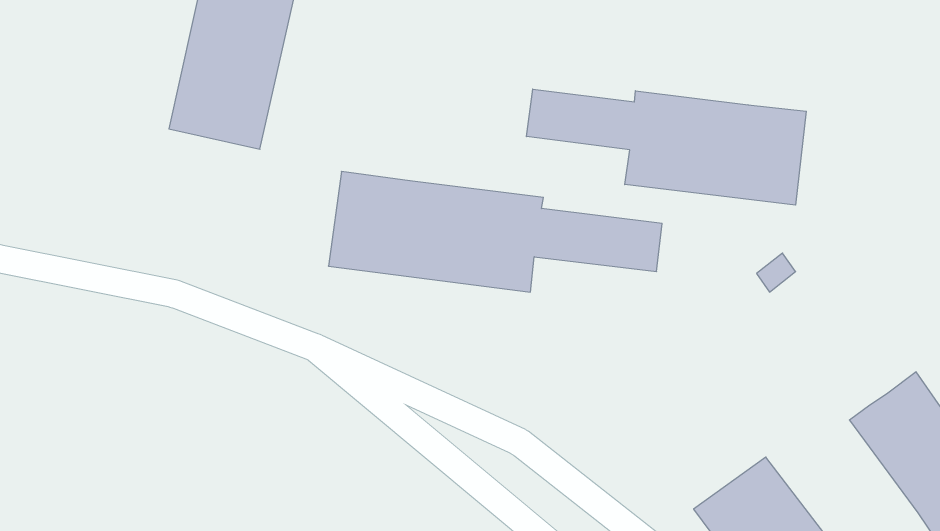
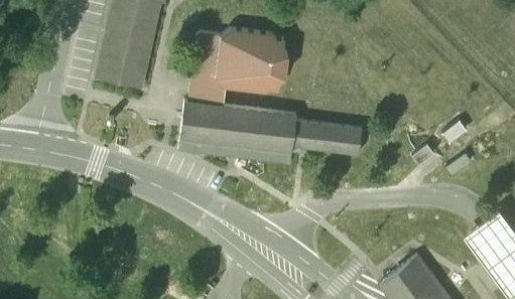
building: none -> [187,28,288,105]
building: [526,89,806,205] -> none

